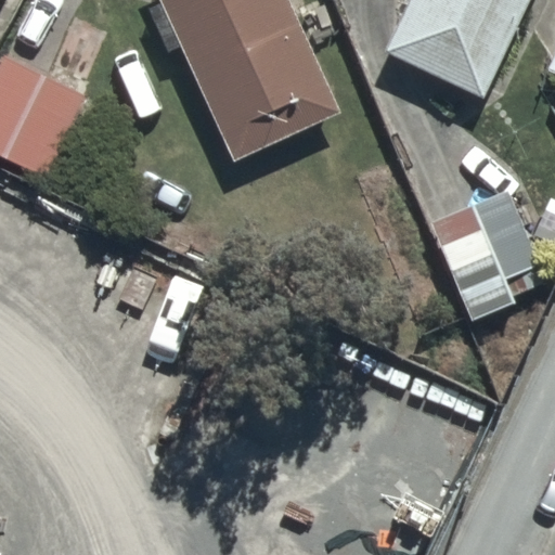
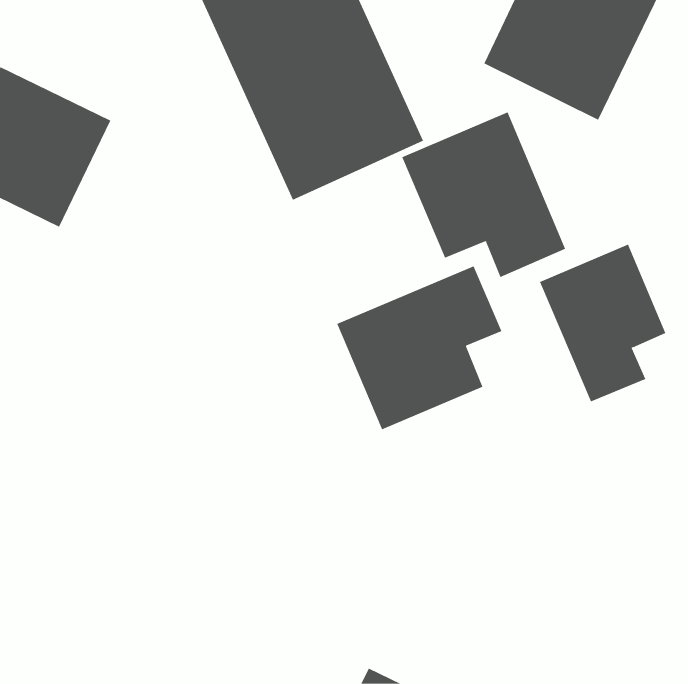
building: none -> [402,112,566,278]
building: none -> [336,266,502,430]

